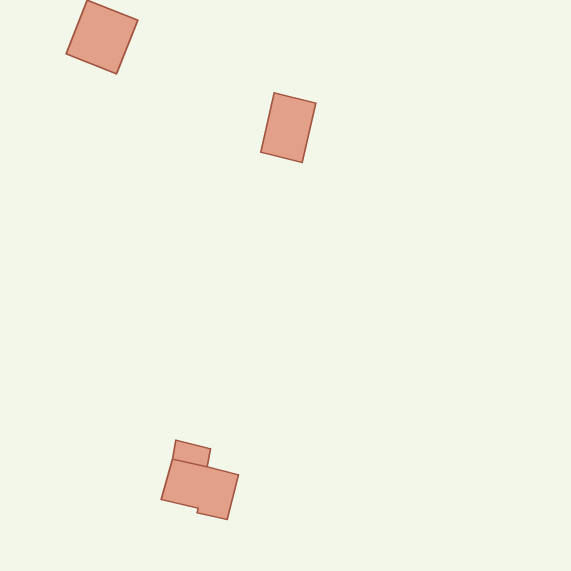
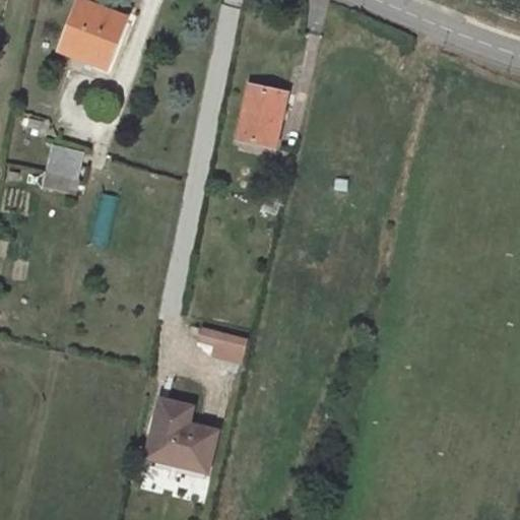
building: none -> [46,145,82,180]
building: none -> [199,329,244,363]

